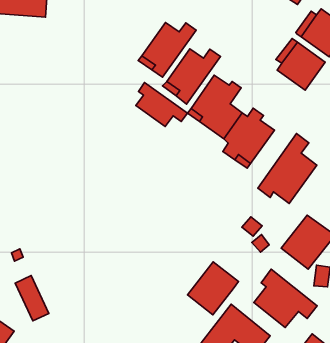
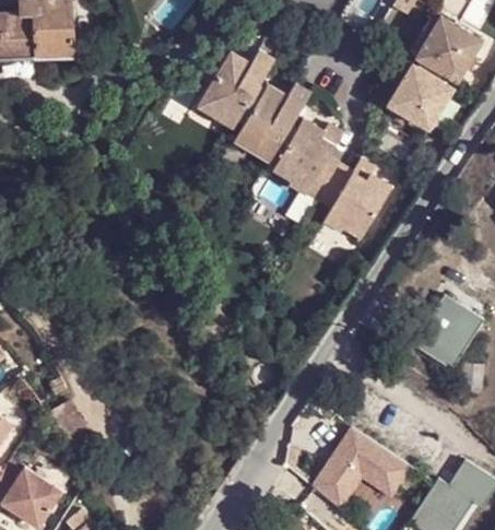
building: [136,83,187,126] -> none
building: [258,134,317,204] -> none
building: [187,262,239,315] -> none
building: [254,269,317,328] -> none

